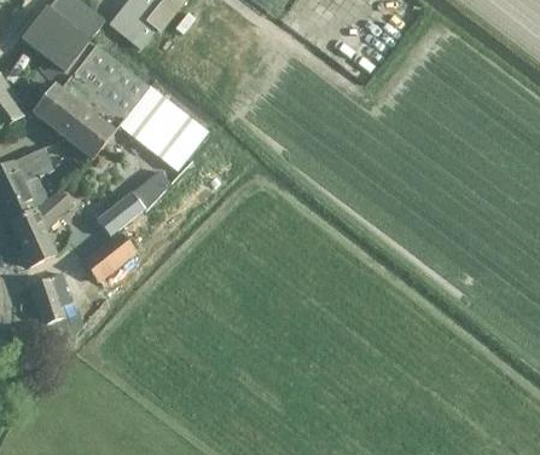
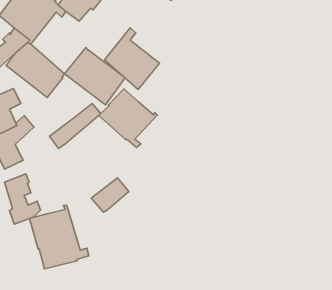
building: [69,33,150,123] -> [105,28,160,89]
building: none -> [99,89,157,148]
building: [80,229,135,280] -> [91,178,129,212]
building: none -> [29,206,89,269]

